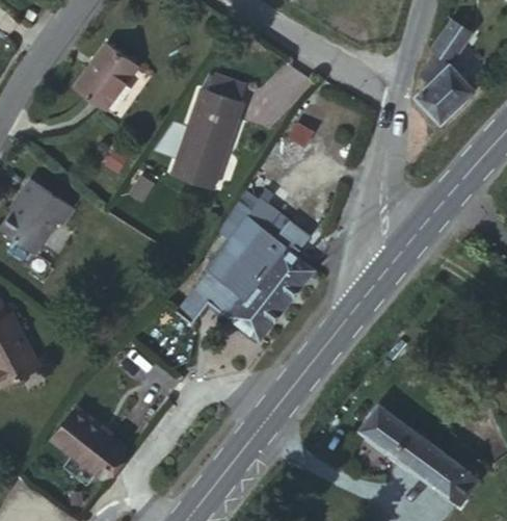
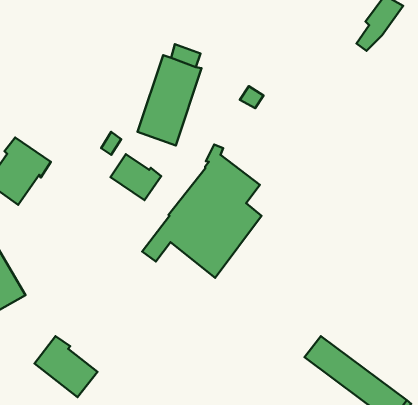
building: [75,36,136,102] -> none
building: [416,64,475,124] -> none
building: none -> [110,154,161,200]

